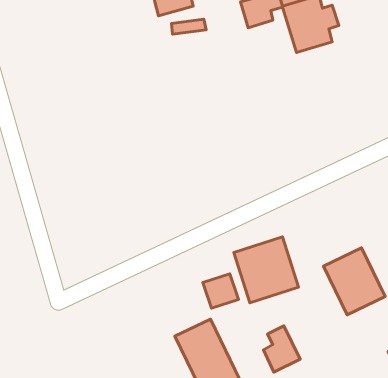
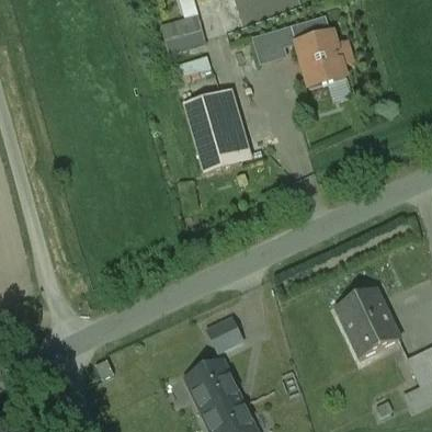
building: none -> [185,92,239,171]
building: [234,237,299,303] -> none
building: [263,326,300,372] -> none

